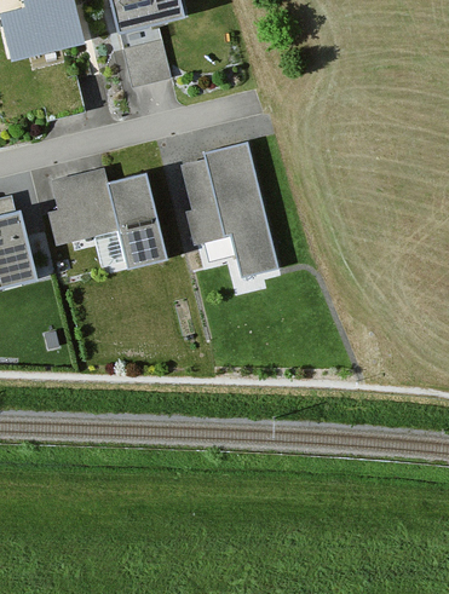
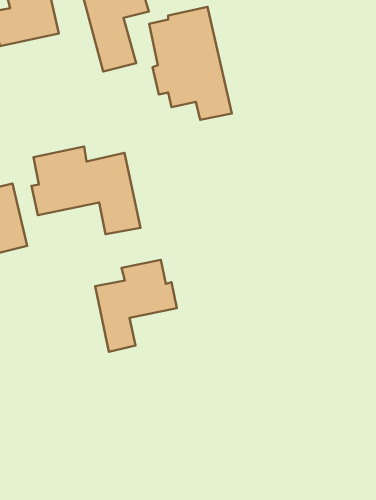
building: [183,146,277,276] -> [149,7,232,120]
building: none -> [95,260,177,352]

